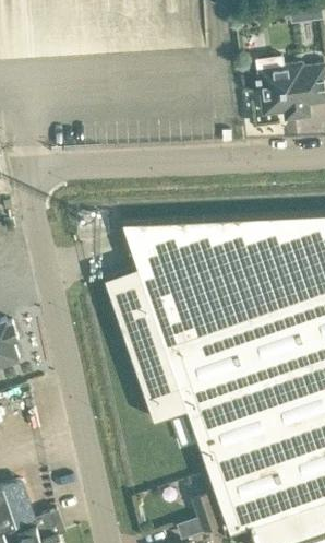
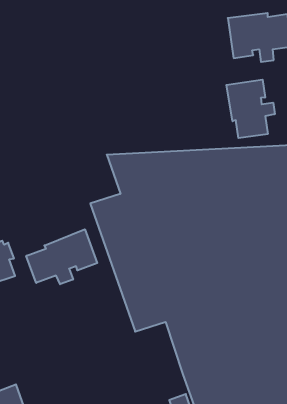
building: none -> [226,80,275,138]
building: none -> [26,229,97,284]

